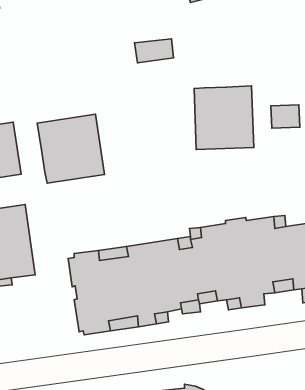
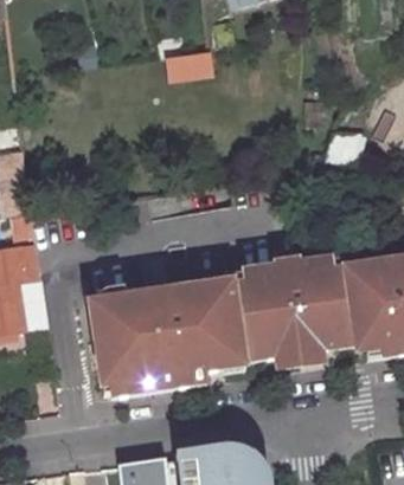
building: [194,86,254,149] -> none
building: [37,114,104,183] -> none

